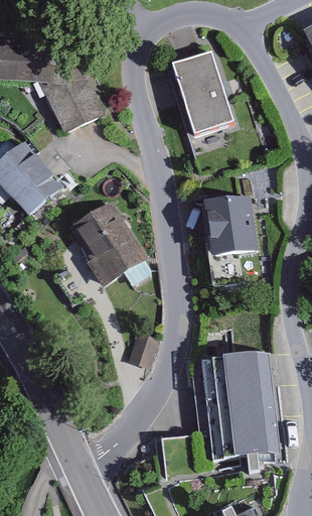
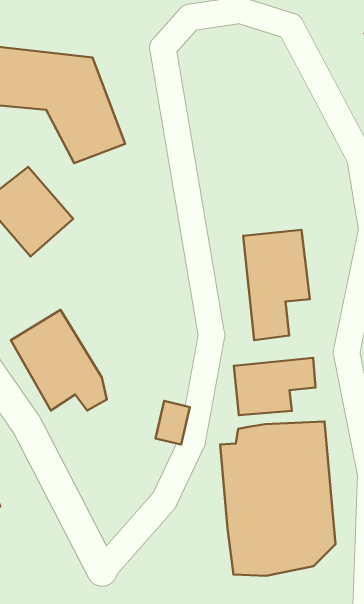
building: [172,48,232,131] -> none
building: [71,202,151,285] -> [11,310,107,410]
building: none -> [234,358,315,415]

